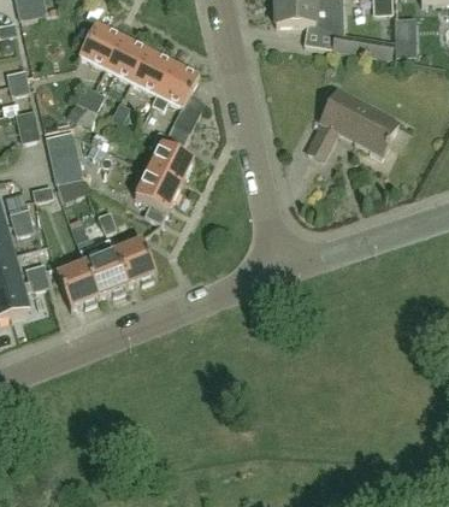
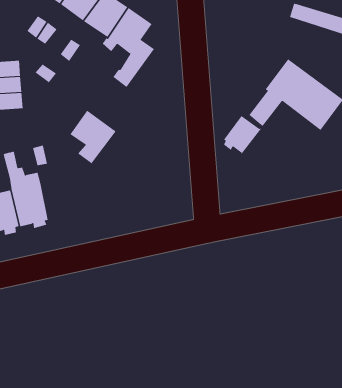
building: [147,129,193,185] -> none
building: none -> [222,115,261,155]
building: [113,235,155,284] -> none

